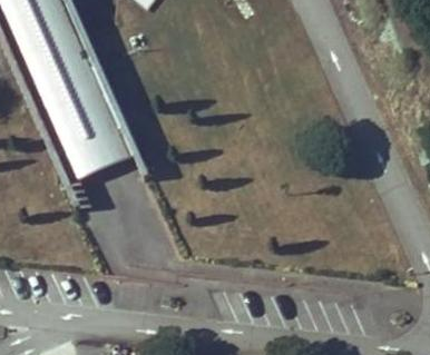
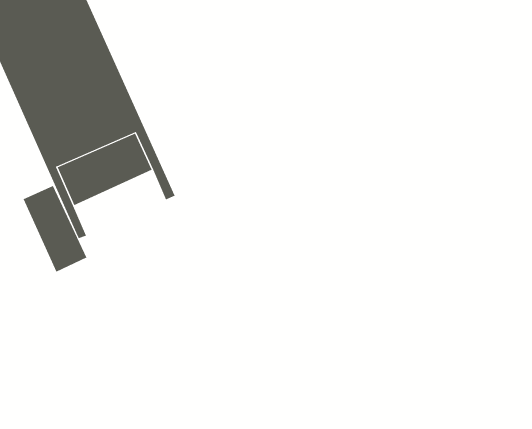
building: none -> [23,185,87,272]

